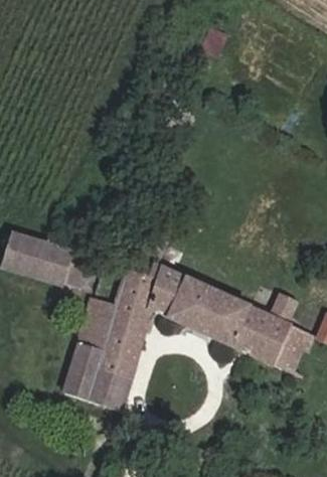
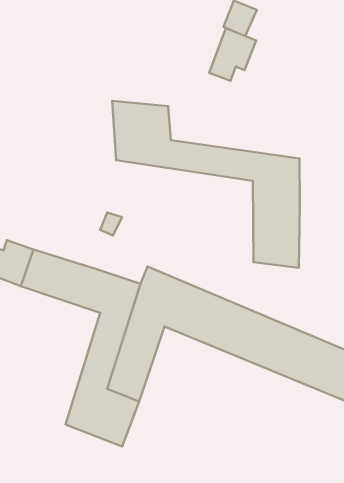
building: none -> [209,28,256,81]
building: none -> [112,101,300,268]

